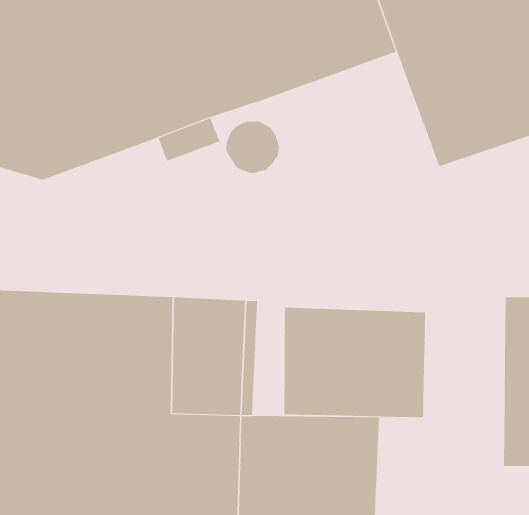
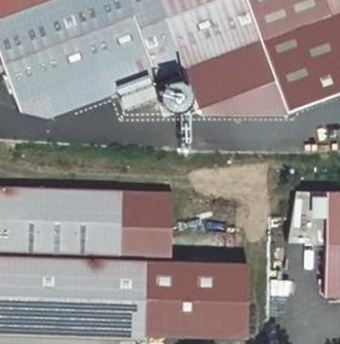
building: none -> [177,41,282,114]
building: [284,307,426,418] -> none

